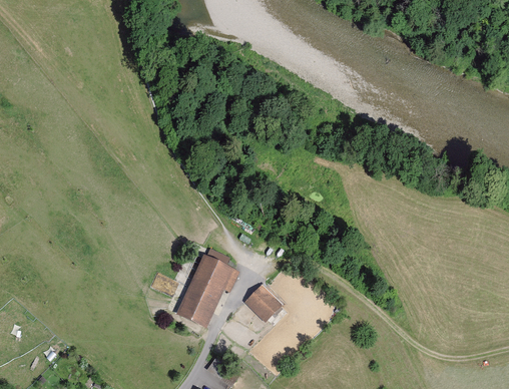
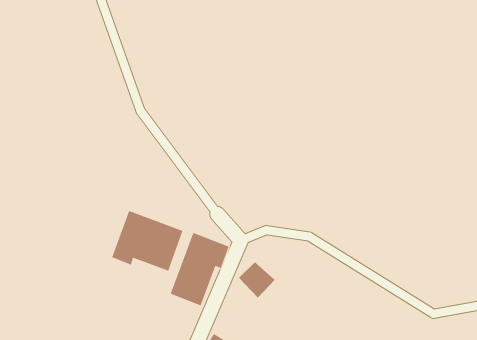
building: none -> [111,210,183,272]

